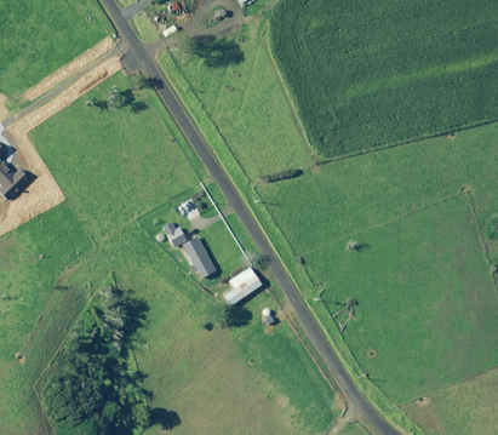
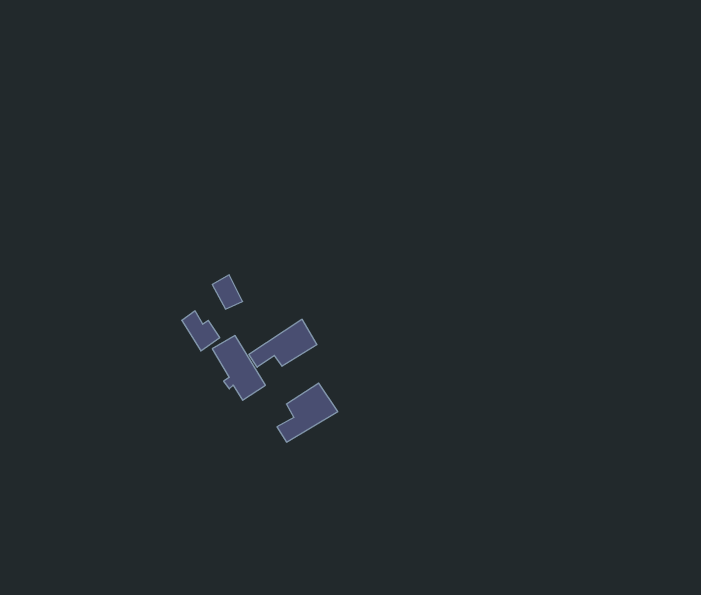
building: none -> [249,319,317,367]

